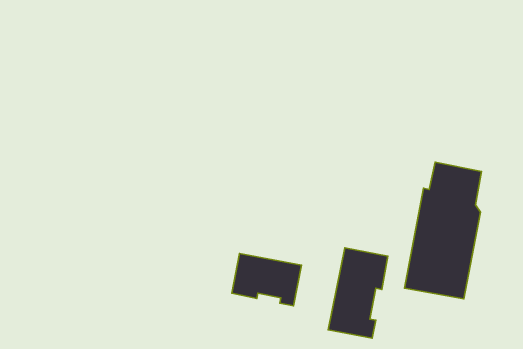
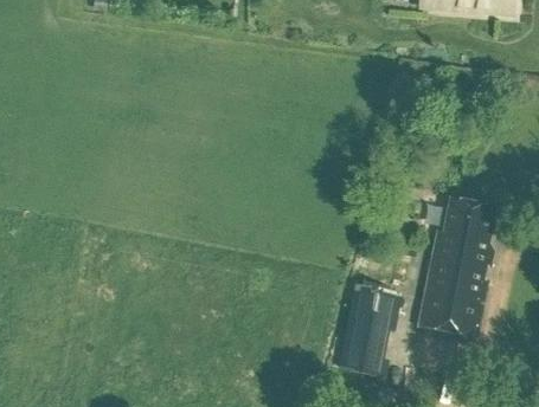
building: [232,254,301,306] -> none

